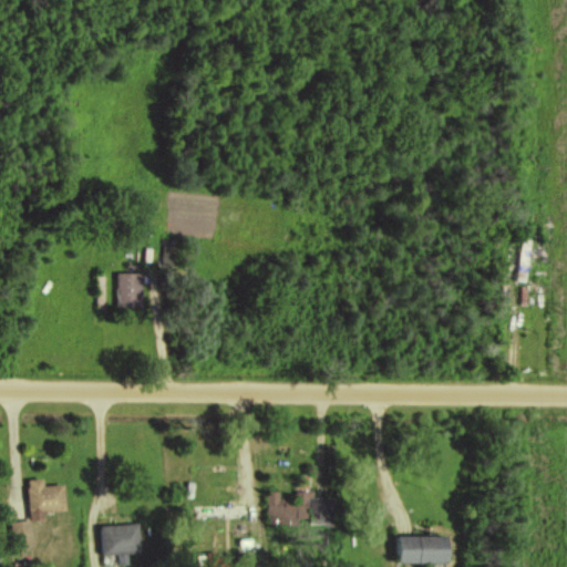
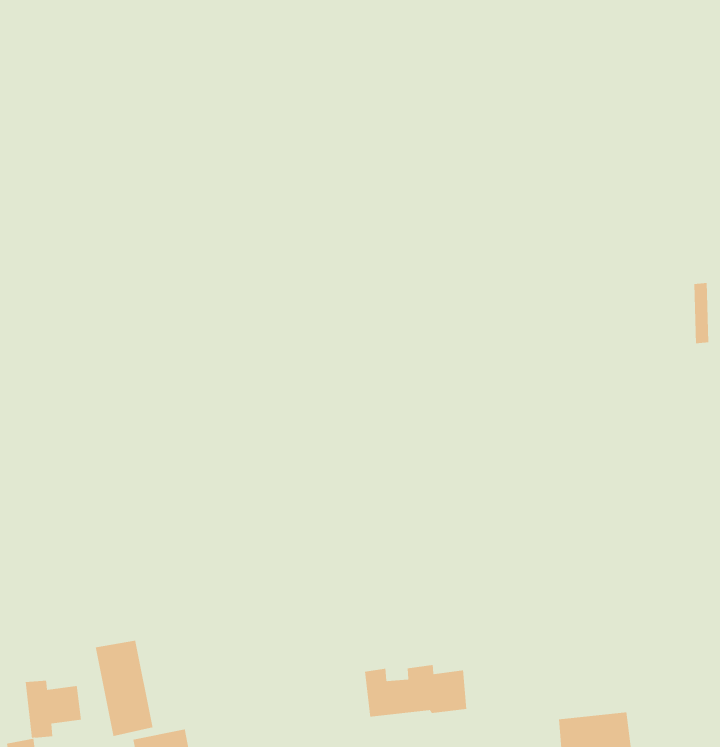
building: [117,274,144,309] -> none
building: none -> [95,640,153,737]

